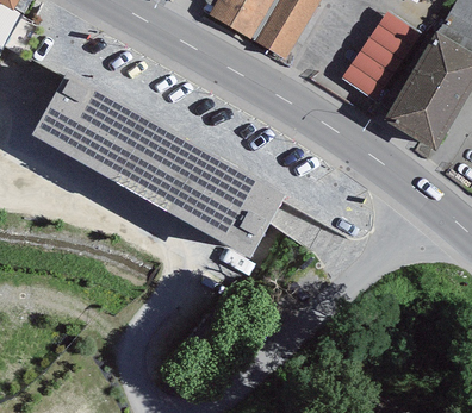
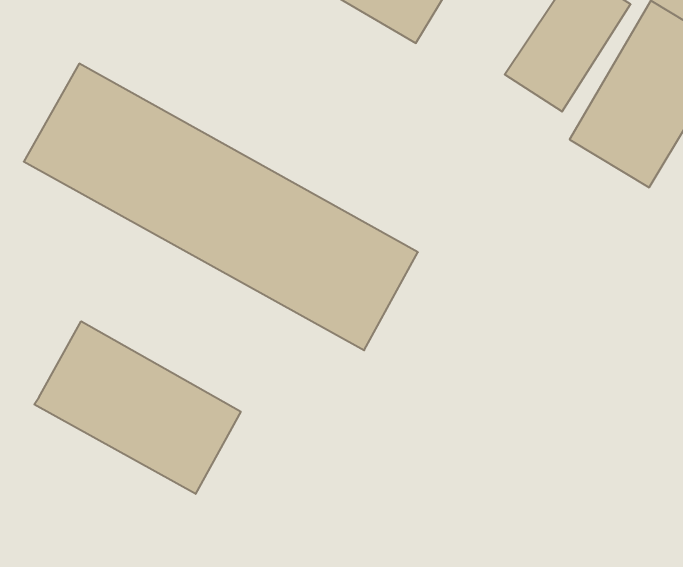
building: none -> [34,321,241,494]

